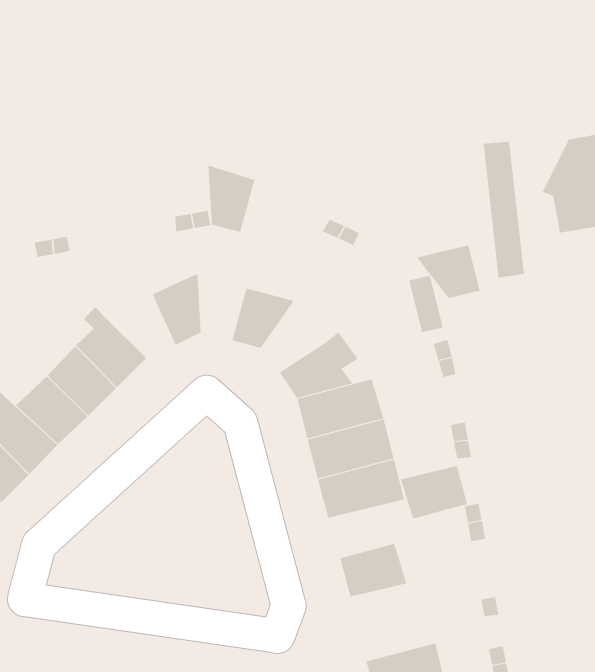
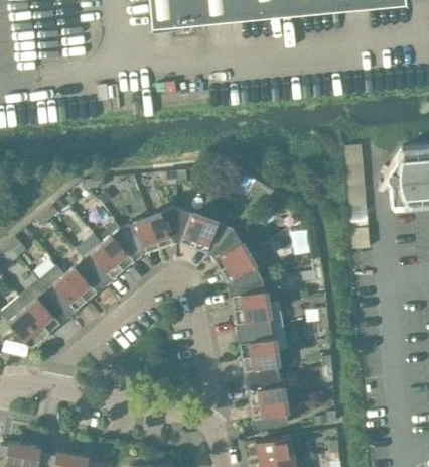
building: [208,165,255,233] -> [175,206,203,247]
building: [416,244,480,299] -> none
building: none -> [120,216,159,253]
building: none -> [209,227,247,268]
building: [400,465,468,519] -> [240,351,278,380]
building: none -> [249,398,287,429]

